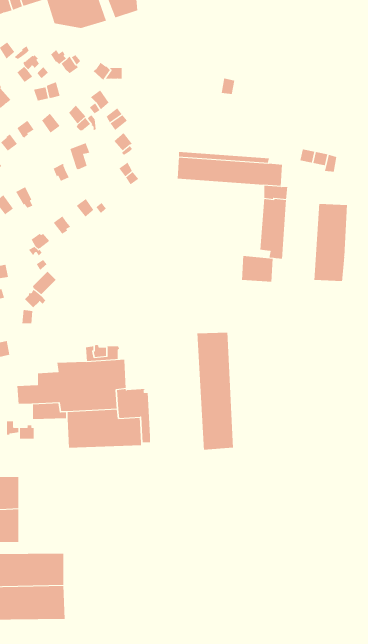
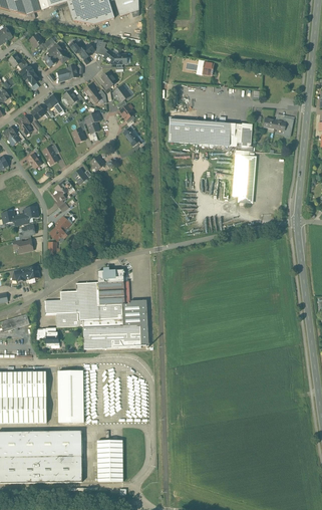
building: [314,203,347,282] -> none
building: [241,255,273,282] -> none
building: [197,332,234,451] -> none
building: none -> [58,369,84,422]
building: none -> [97,439,123,480]

